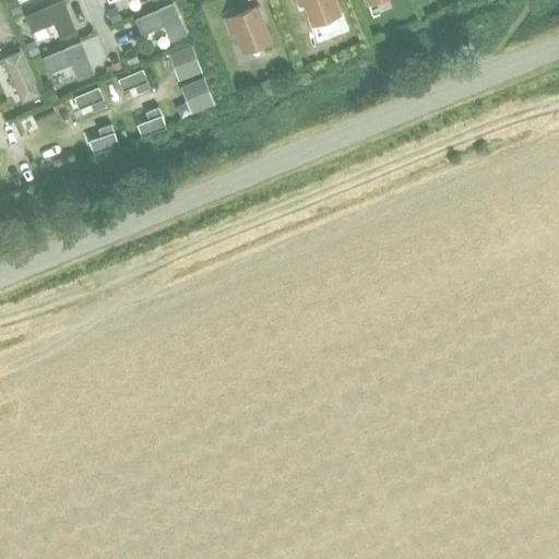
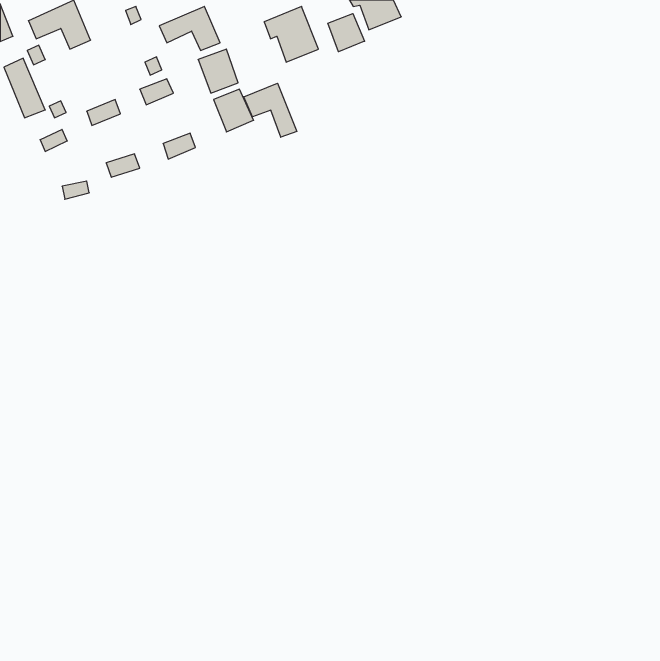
building: none -> [328,14,365,52]
building: [41,43,94,82] -> none
building: none -> [244,83,297,137]

